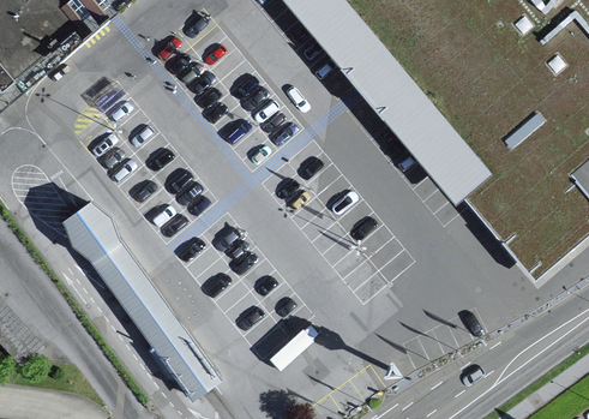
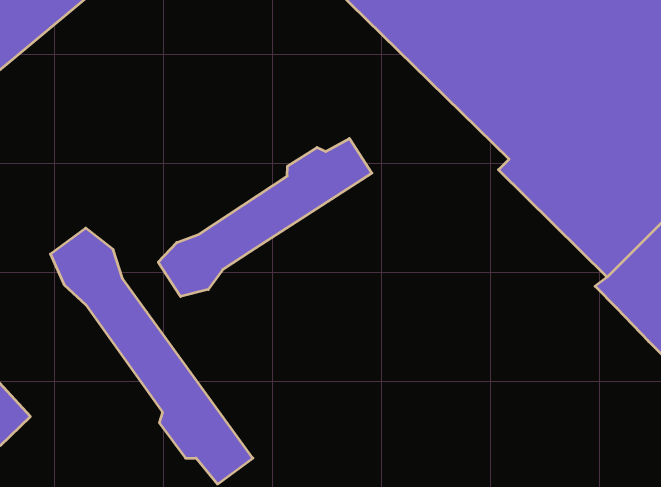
building: none -> [158,138,372,297]

